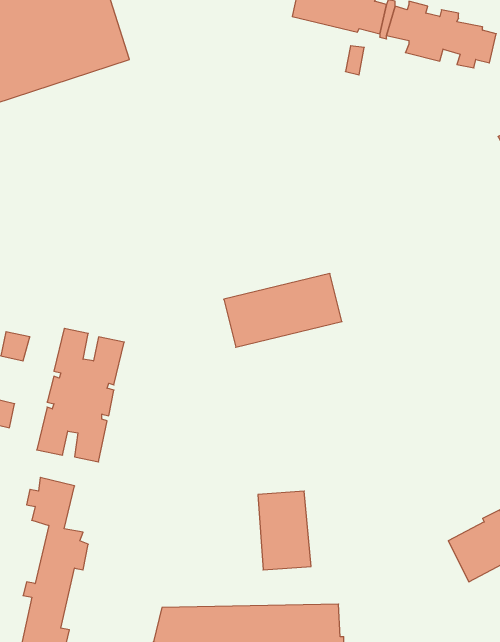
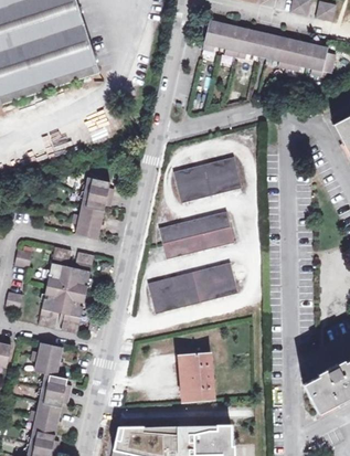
building: none -> [174,157,243,202]
building: none -> [72,178,115,238]
building: none -> [149,263,237,312]

